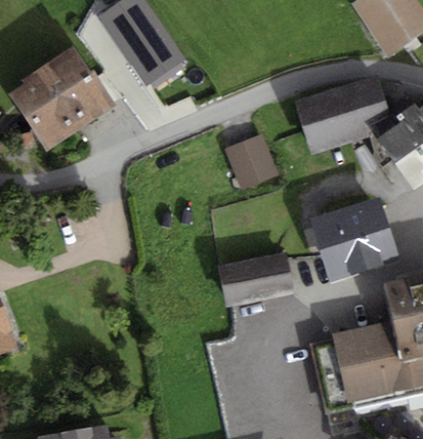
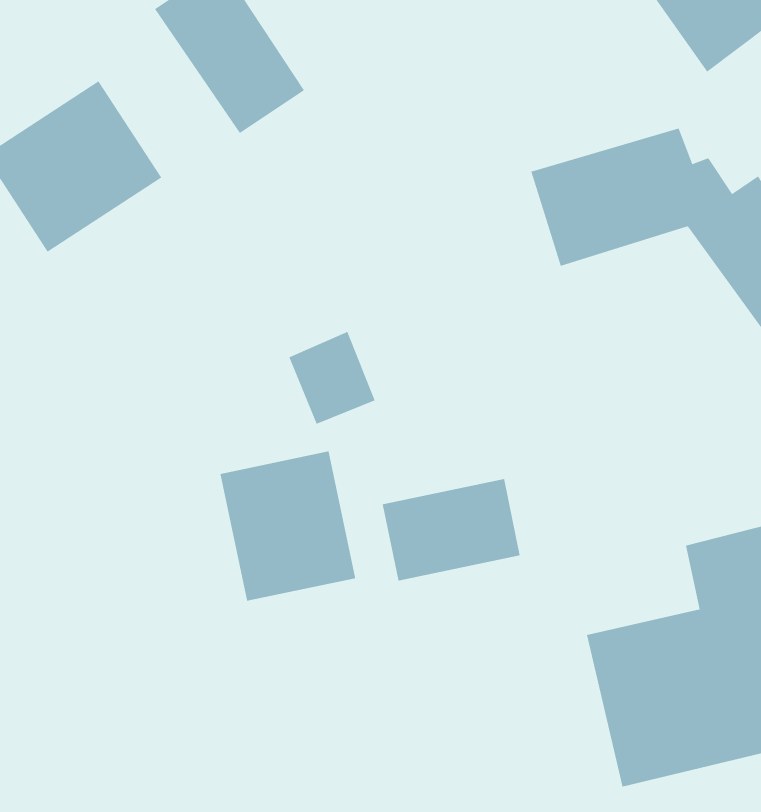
building: [228,134,273,183] -> [288,331,376,424]
building: [309,209,394,287] -> none
building: none -> [220,451,356,602]

